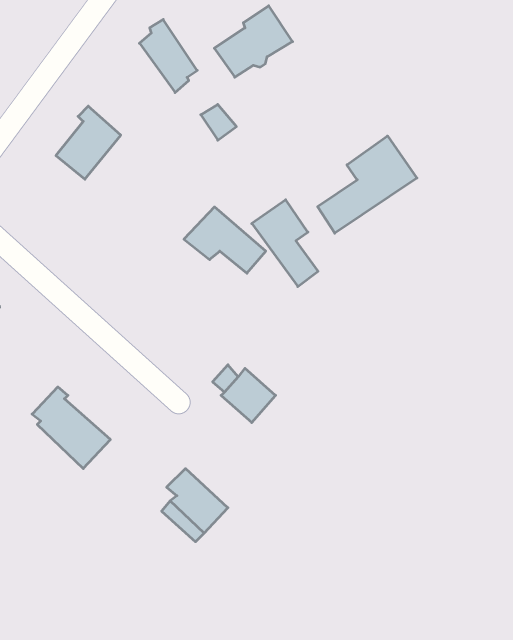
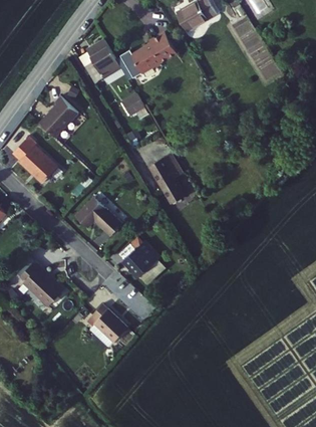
building: [318,136,417,233] -> none
building: none -> [14,131,60,179]
building: [184,207,266,273] -> [77,197,125,236]

